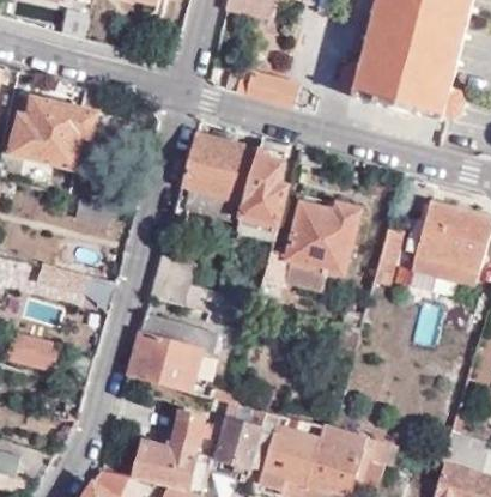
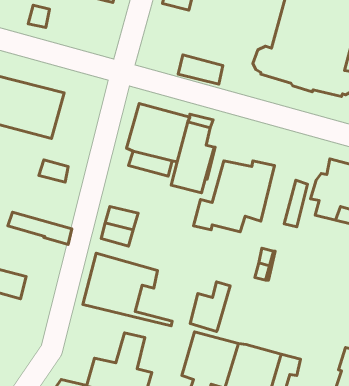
building: [216,407,265,468] -> [190,282,230,331]

